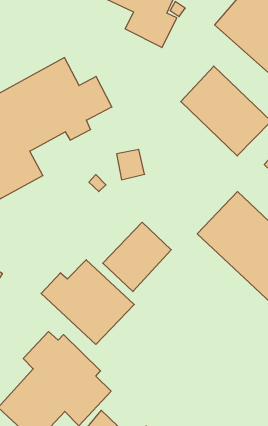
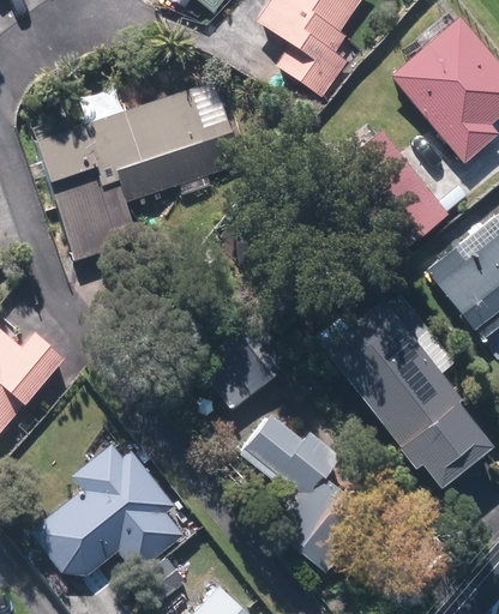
building: [41,260,134,344] -> none
building: none -> [244,414,369,572]

